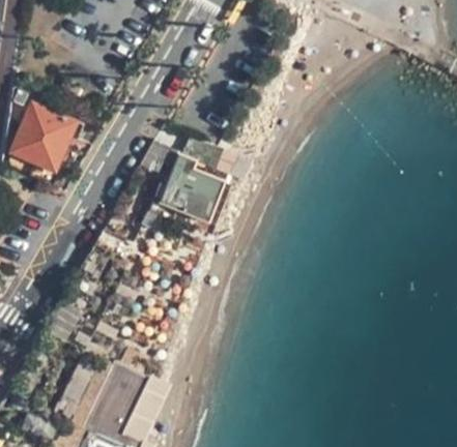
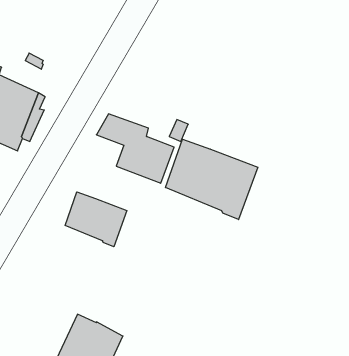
building: none -> [166,139,258,220]
building: none -> [65,192,127,247]

